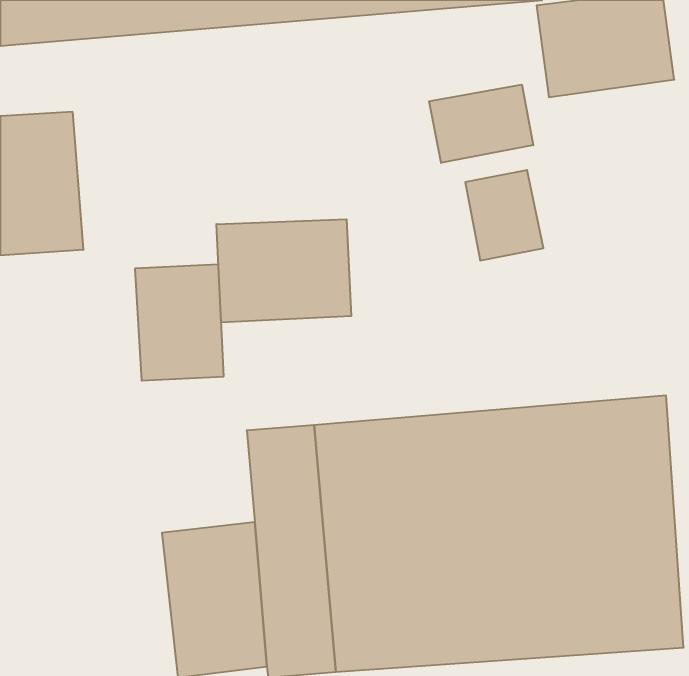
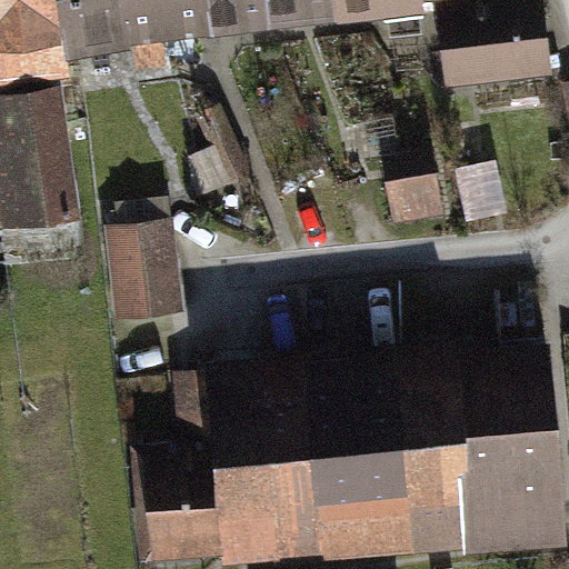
building: [429,85,533,163] -> none
building: [216,219,351,322] -> none

